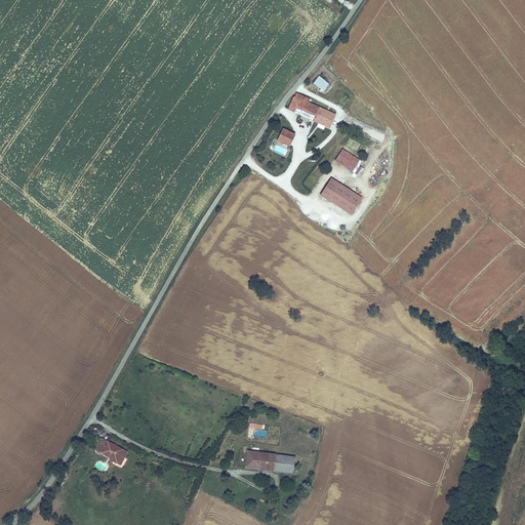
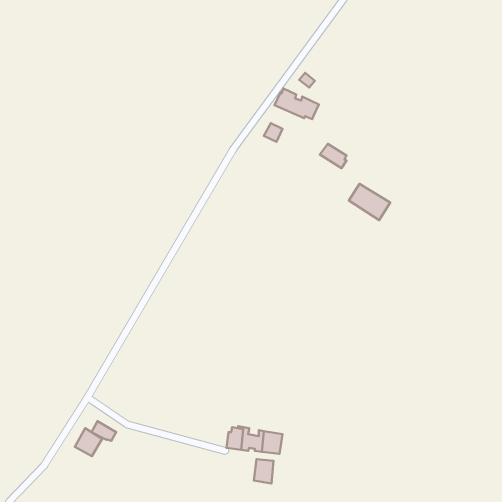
building: [320,178,363,216] -> [349,184,390,220]
building: none -> [75,428,102,456]
building: none -> [254,459,273,484]

